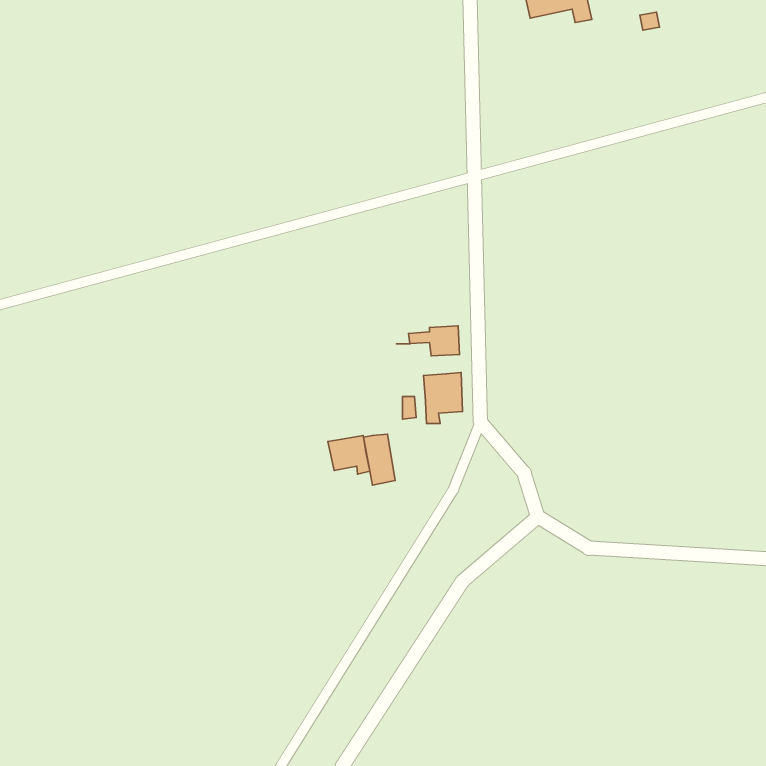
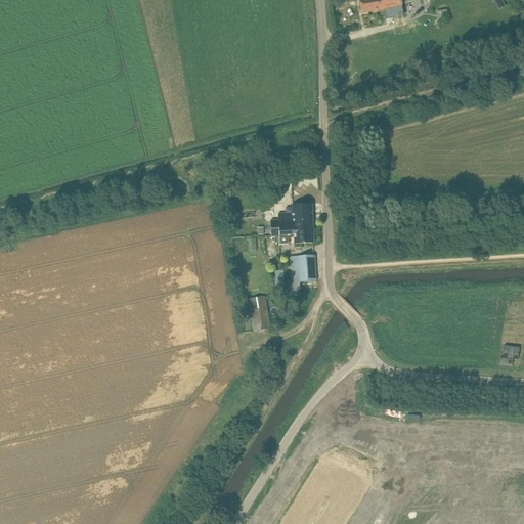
building: none -> [270,203,312,234]
building: [328,435,370,474] -> none

